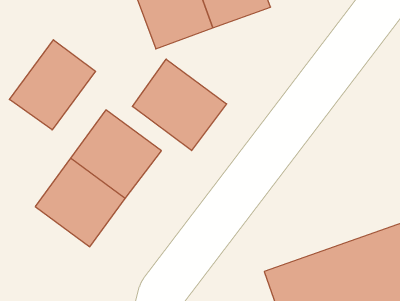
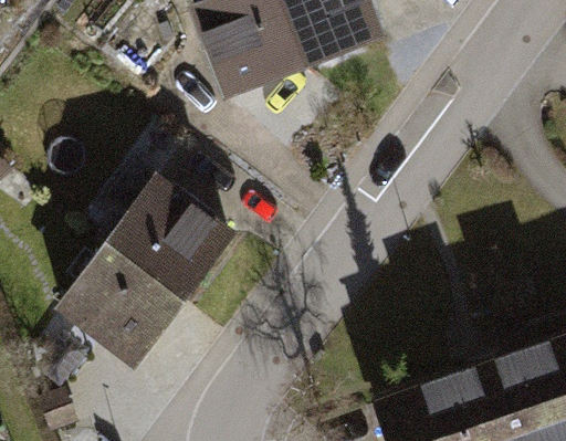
building: [9,40,96,130] -> none
building: [132,59,227,151] -> none

